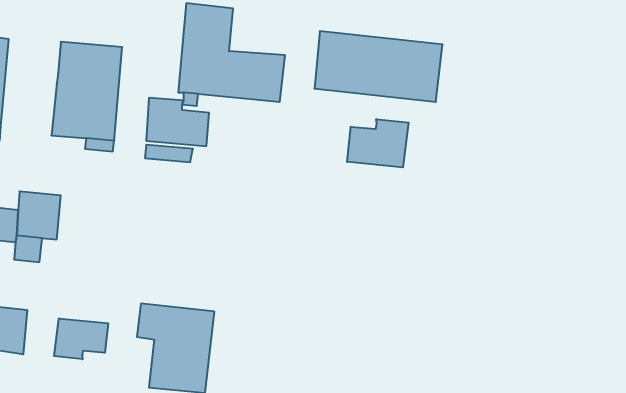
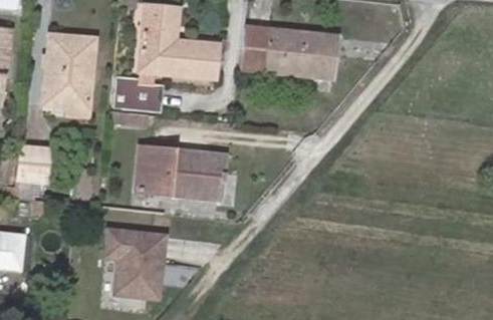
building: [347,119,409,167] -> none
building: none -> [136,146,226,200]
building: [54,318,108,359] -> none

